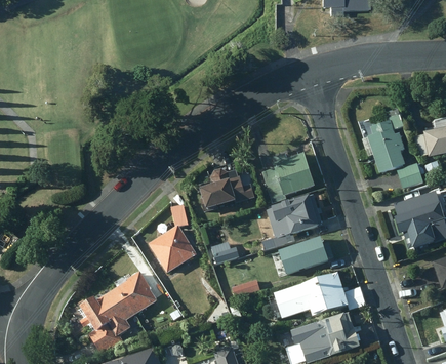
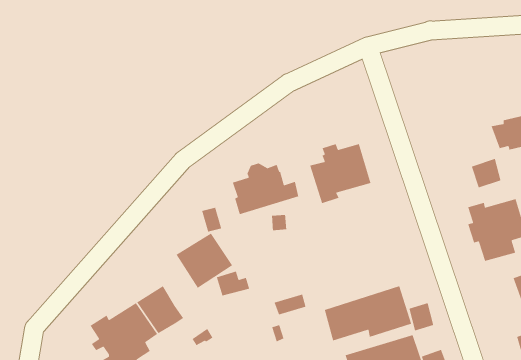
building: [362,112,405,175] -> none
building: [266,193,322,237] -> none
building: [278,235,333,274] -> none
building: [211,241,240,262] -> [216,271,250,296]

